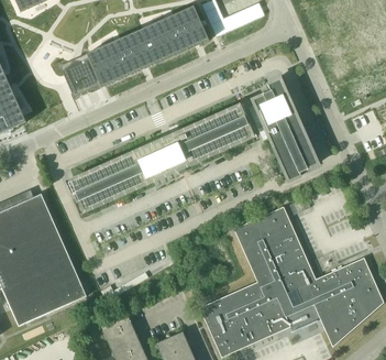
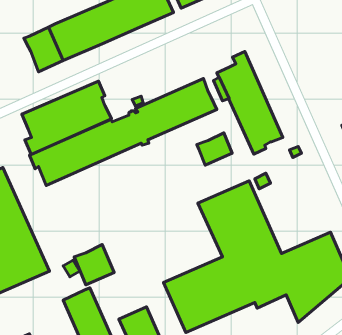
building: none -> [22,81,111,155]
building: none -> [197,133,232,165]
building: none -> [74,245,114,285]

